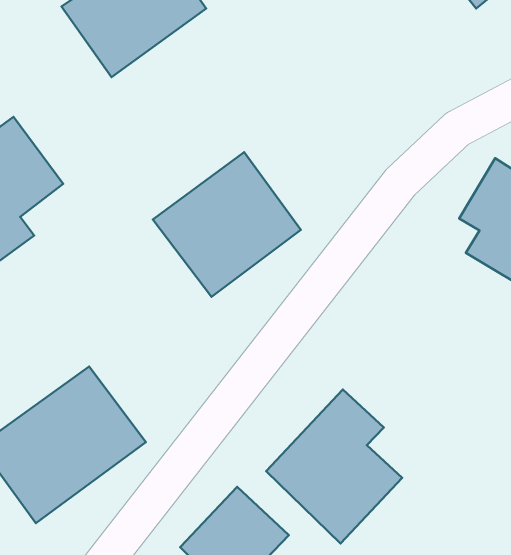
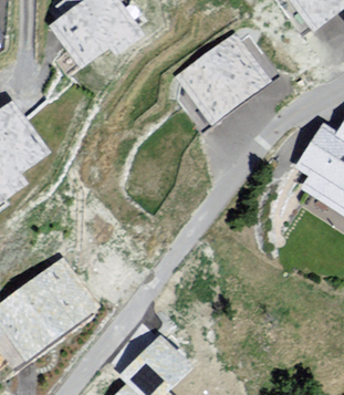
building: [153,152,301,297] -> [174,33,269,126]
building: [266,390,402,543] -> none

